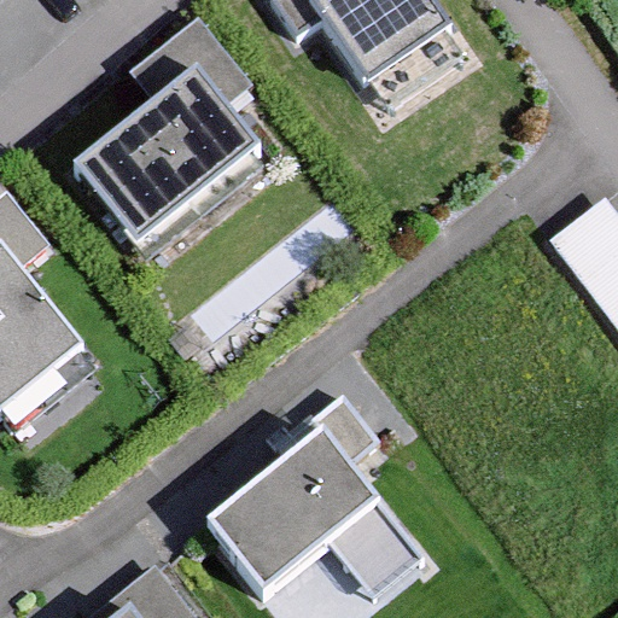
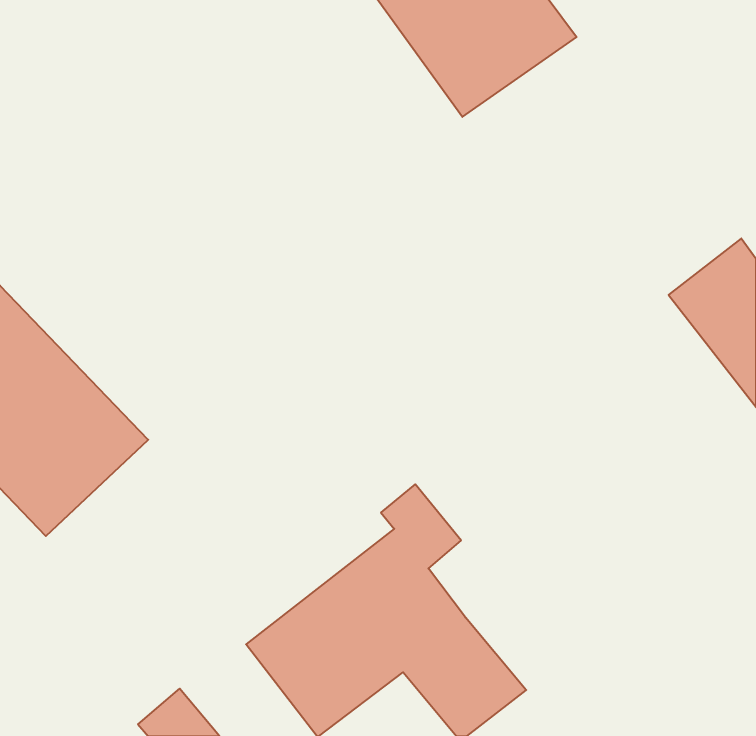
building: [69,47,270,246] -> none

